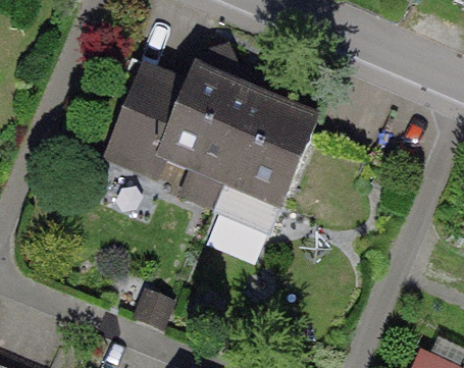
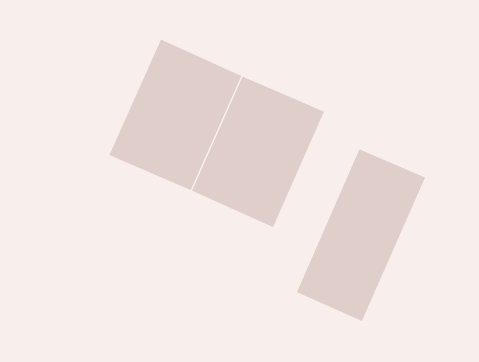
building: none -> [296,148,426,322]

